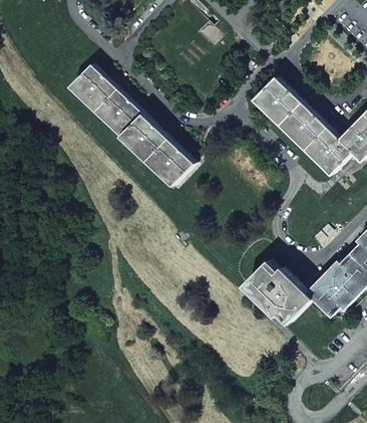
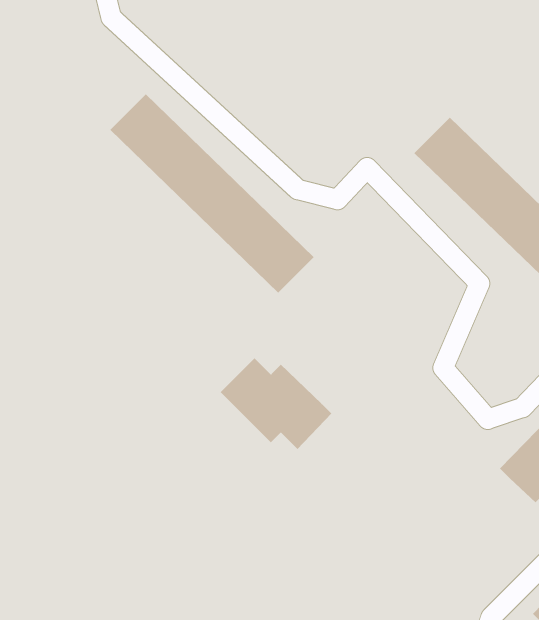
building: [243,264,311,321] -> [220,357,332,450]

